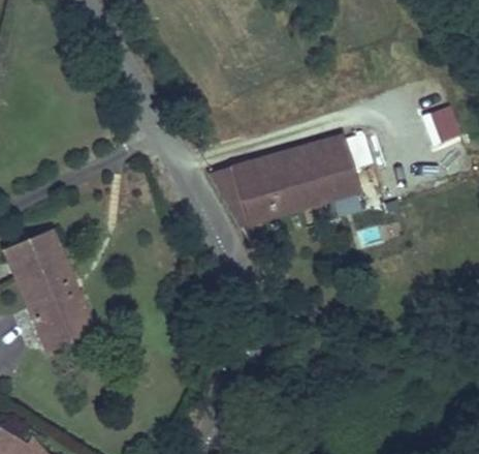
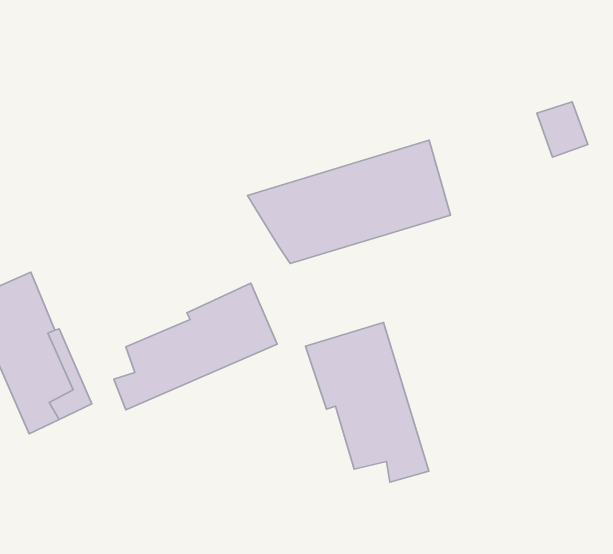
building: none -> [114,283,277,410]
building: none -> [306,322,429,482]

